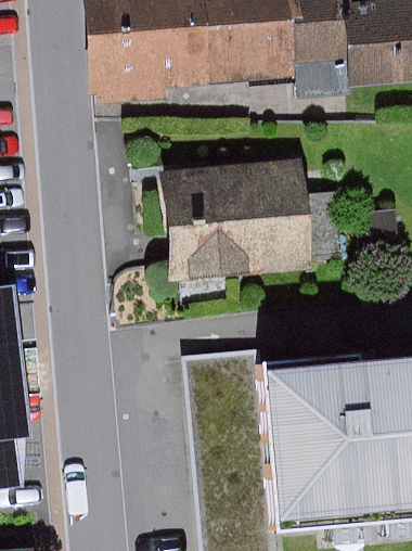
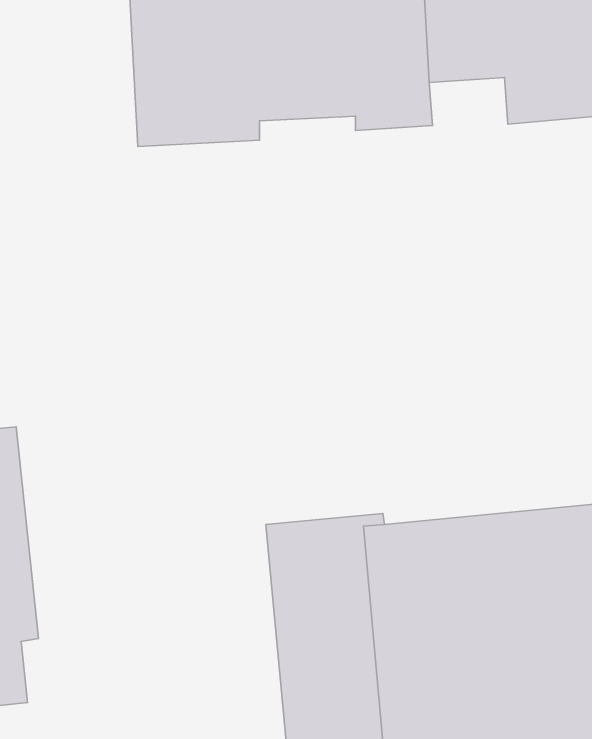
building: [151,172,301,271] -> none

